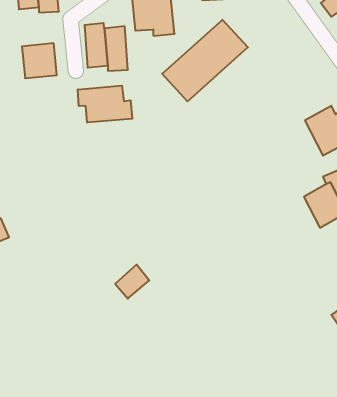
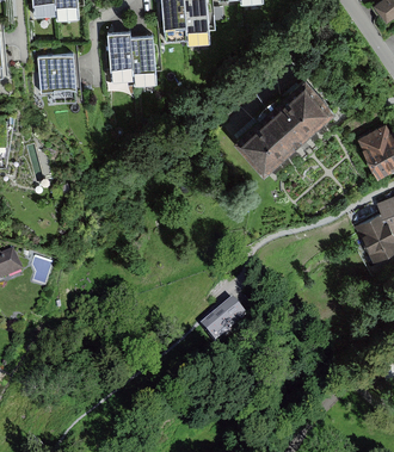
building: [162,20,248,101] -> [234,83,331,175]
building: [78,86,132,123] -> none
building: [115,265,149,299] -> [209,301,247,339]

